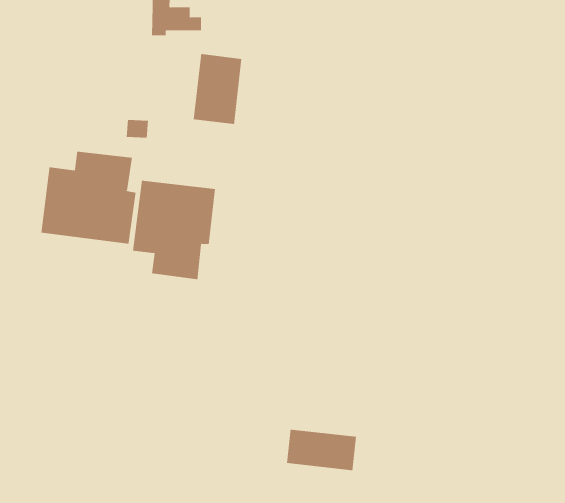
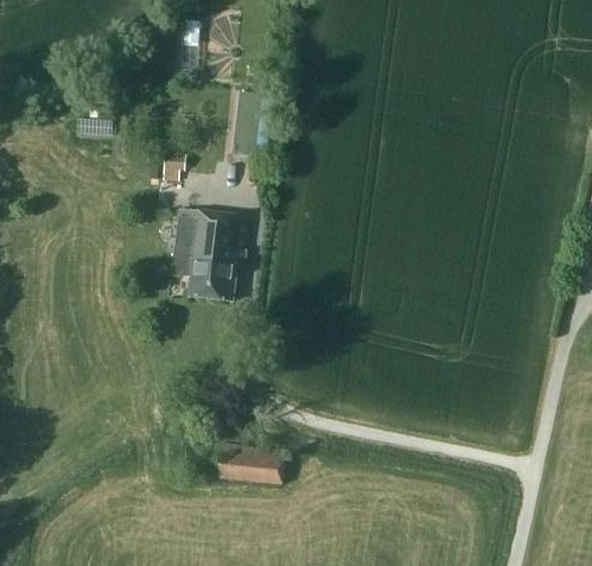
building: [41,151,136,244] -> none
building: [286,429,357,471] -> [217,444,284,483]

